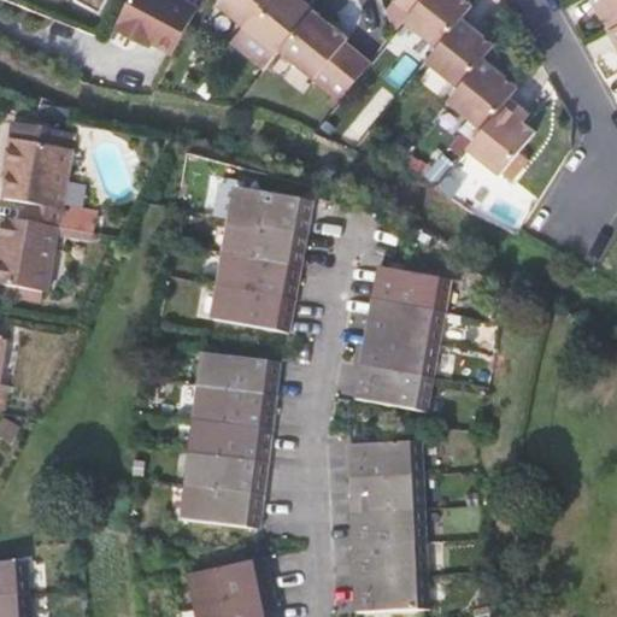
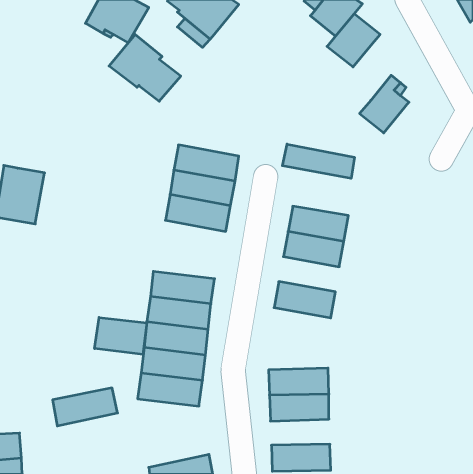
building: [276,6,369,93] -> [109,34,181,101]
building: [446,59,516,130] -> none
building: [5,136,72,227] -> none
building: none -> [282,144,354,178]
building: [208,286,293,333] -> none
building: [362,333,440,378] -> none
building: none -> [95,317,147,354]
building: [347,443,425,480] -> none
building: [351,543,428,577] -> none
building: [187,557,271,606] -> [53,388,118,426]

